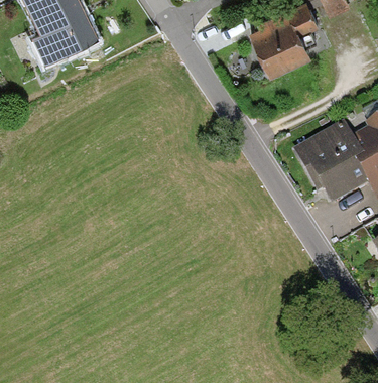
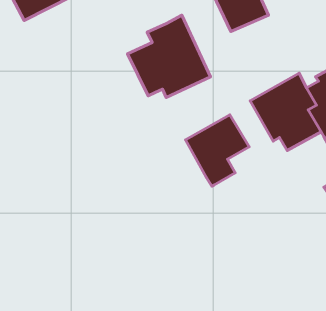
building: none -> [128,15,211,97]
building: none -> [185,115,249,186]

